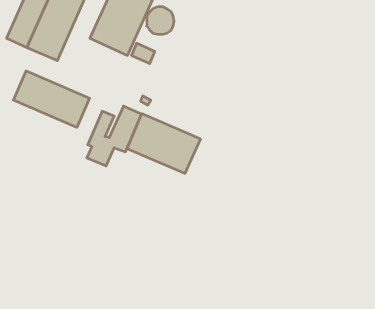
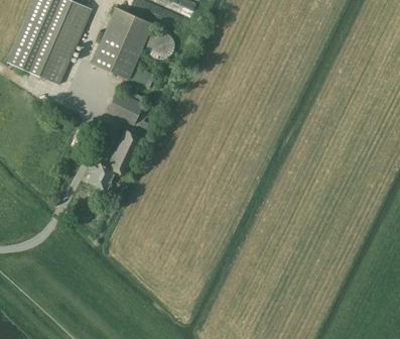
building: none -> [107,92,143,125]
building: [13,71,90,127] -> none
building: [127,114,200,173] -> none

